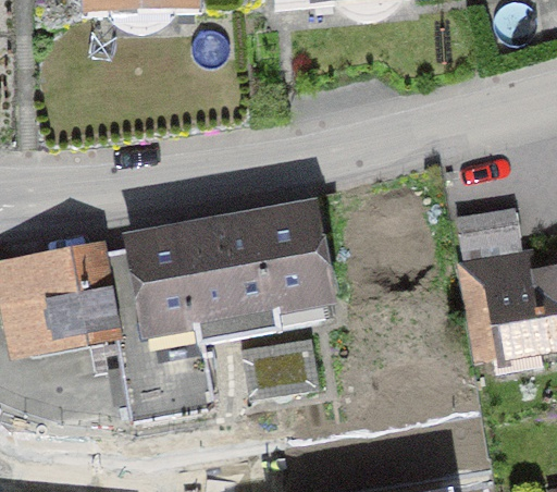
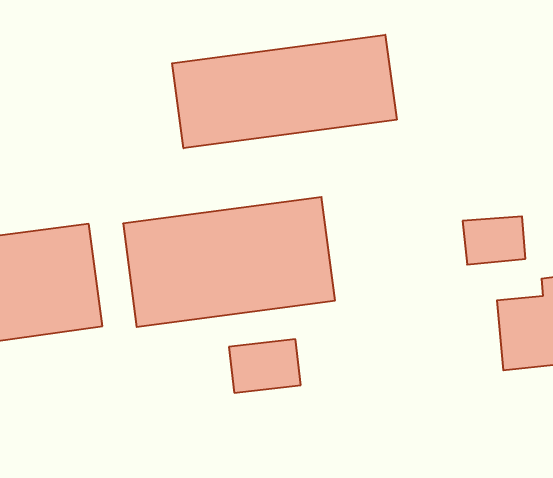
building: none -> [172,35,397,148]

